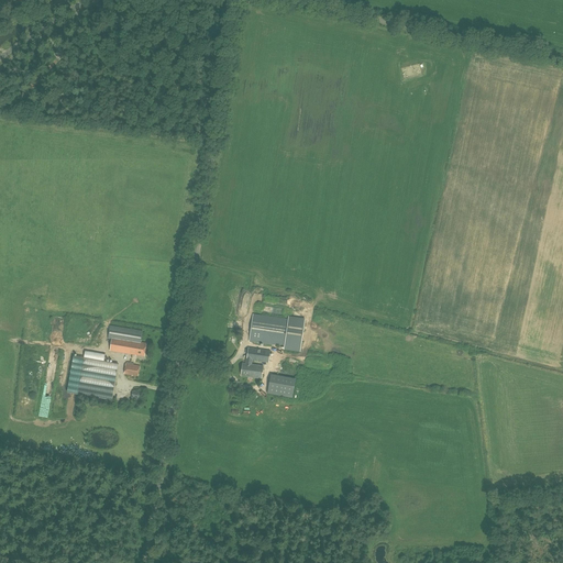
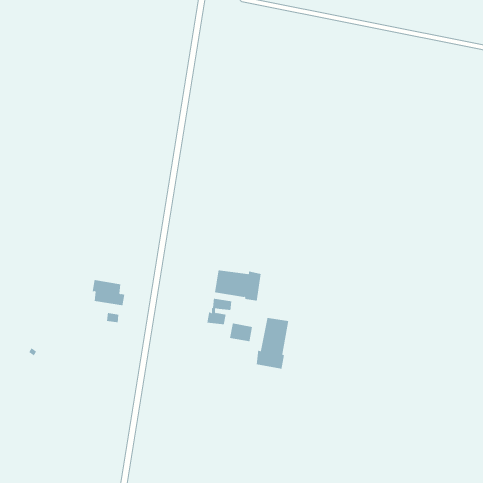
building: [67,350,118,399] -> none
building: none -> [256,317,289,370]

